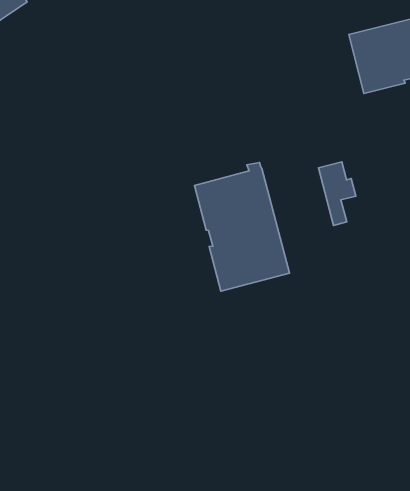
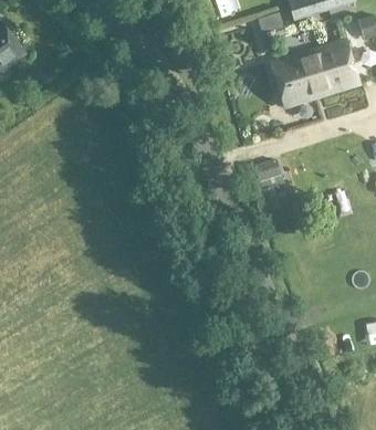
building: [194,163,289,291] -> none

